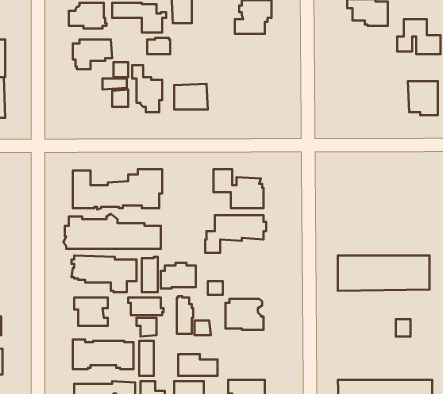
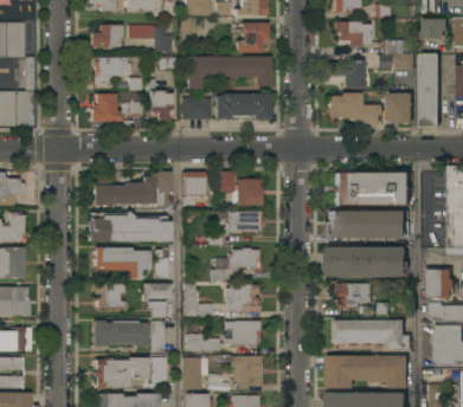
building: none -> [187,57,270,89]
building: none -> [329,59,365,86]
building: none -> [328,92,384,124]
building: none -> [91,93,122,122]
building: none -> [214,93,272,118]
building: none -> [182,172,205,195]
building: none -> [334,173,411,205]
building: none -> [329,211,406,238]
building: [161,263,196,288] -> [229,246,259,269]
building: none -> [336,283,372,308]
building: none -> [225,319,262,347]
building: none -> [334,319,411,350]

